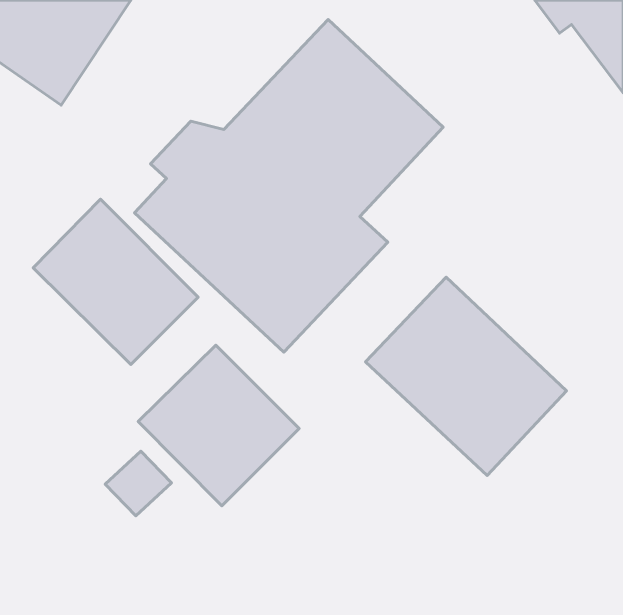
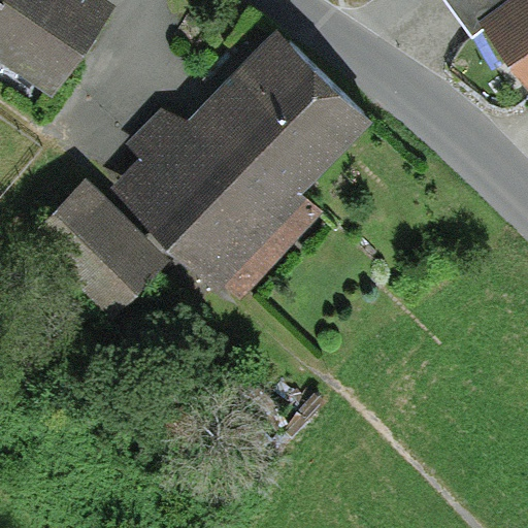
building: [365,277,566,476] -> none
building: [138,345,299,506] -> none

